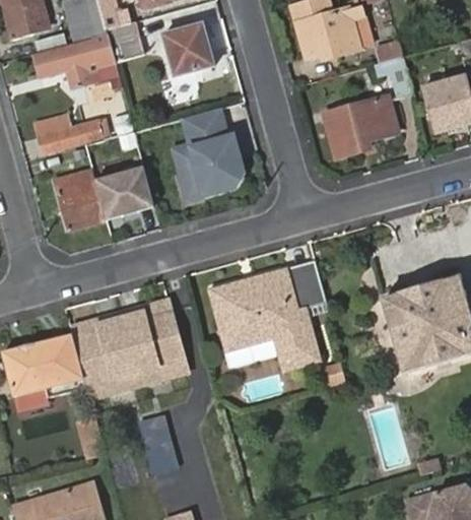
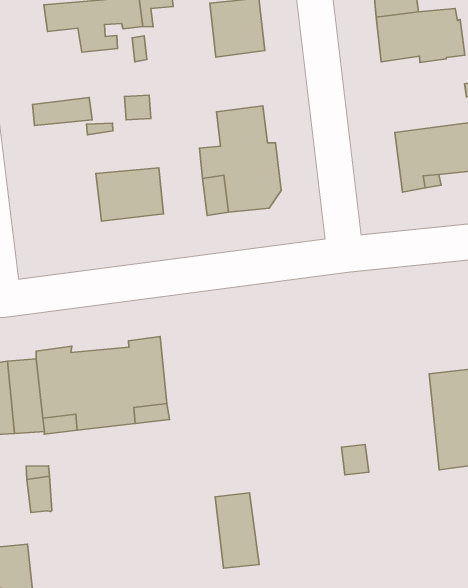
building: [56,171,106,230] -> none
building: [209,266,325,373] -> none
building: [137,413,180,475] -> [215,493,259,568]

